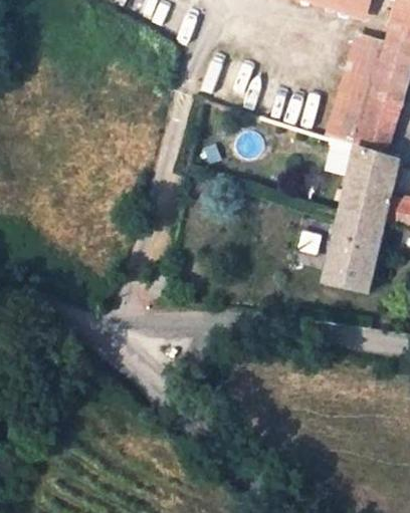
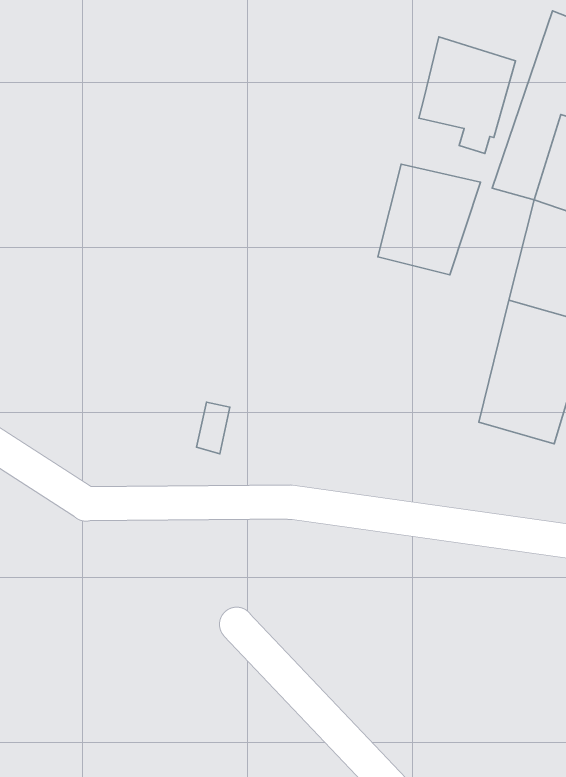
building: none -> [419,37,516,154]
building: none -> [378,164,480,275]

